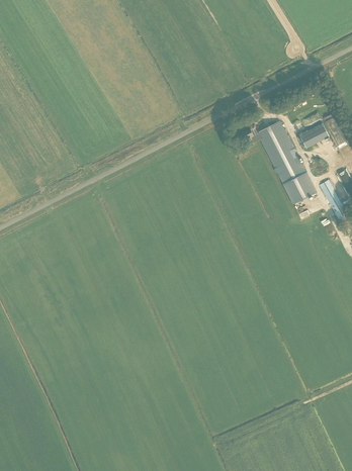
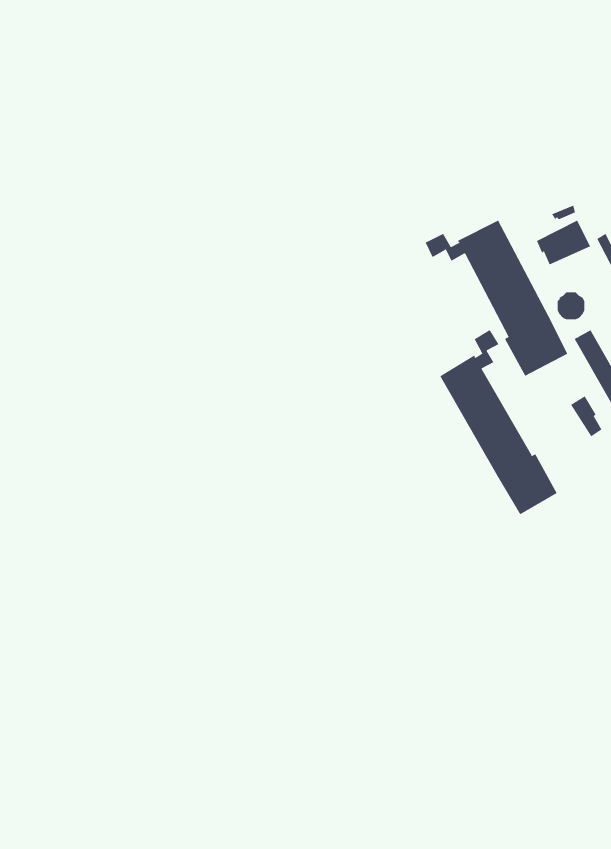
building: none -> [439,329,558,515]

